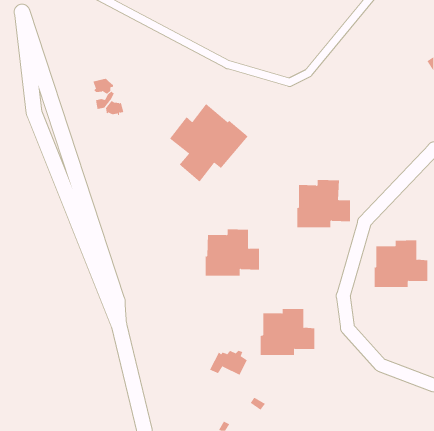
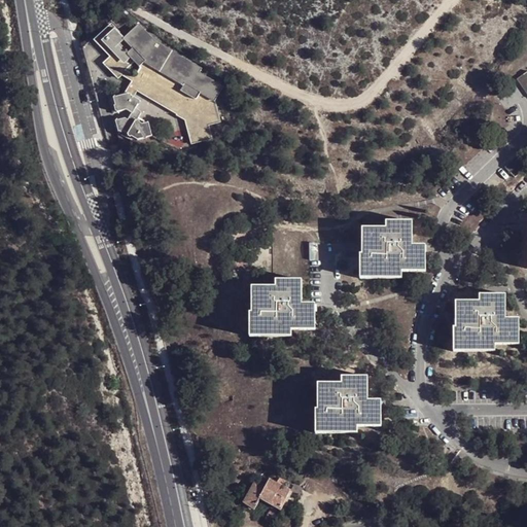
building: none -> [94,27,220,143]
building: [169,103,248,183] -> none
building: [209,350,247,376] -> [243,480,289,511]

